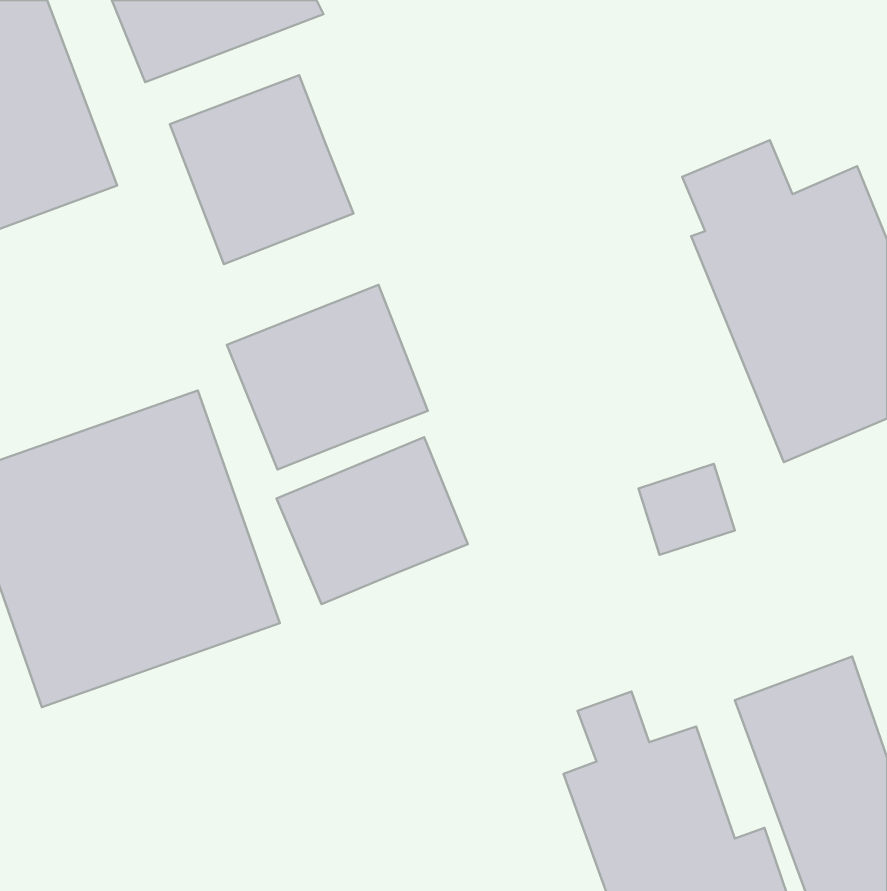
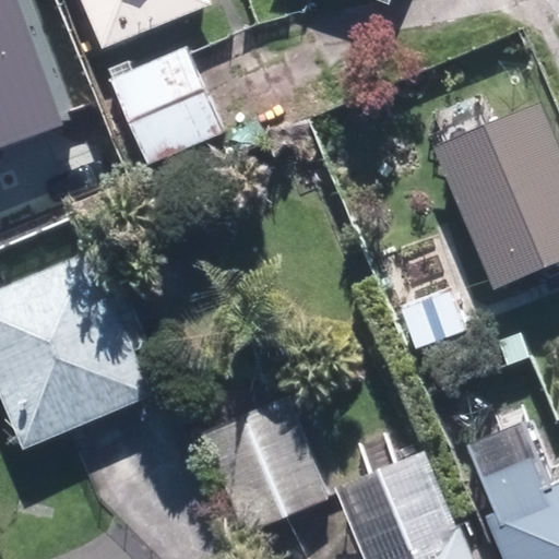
building: [227,285,428,469] -> none
building: [276,437,468,604] -> none
building: none -> [209,394,337,533]

